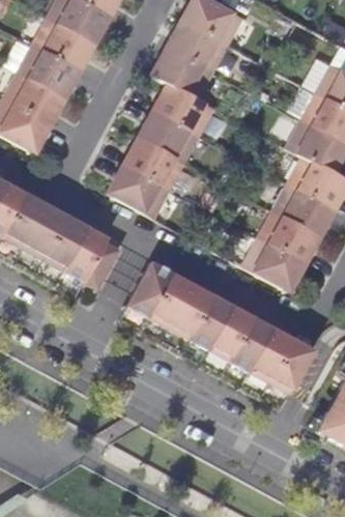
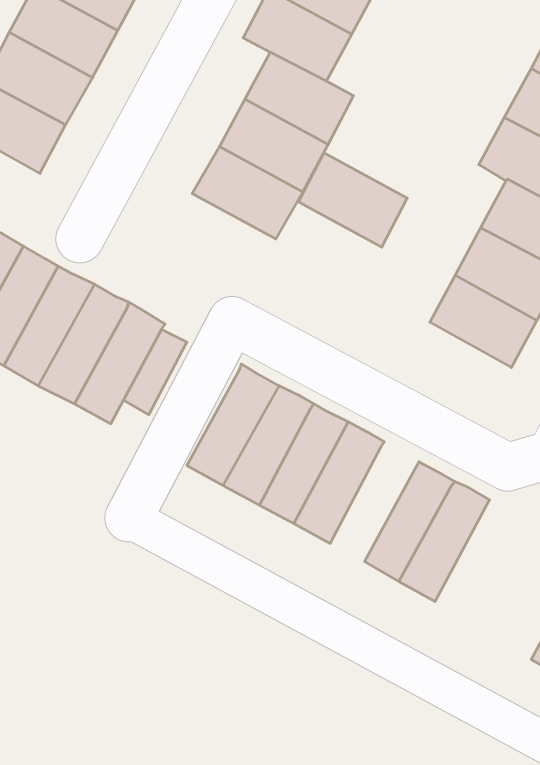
building: [109,163,171,217] -> [298,153,407,247]
building: [243,236,306,290] -> none
building: [202,305,253,373] -> none
building: [262,338,314,406] -> none

